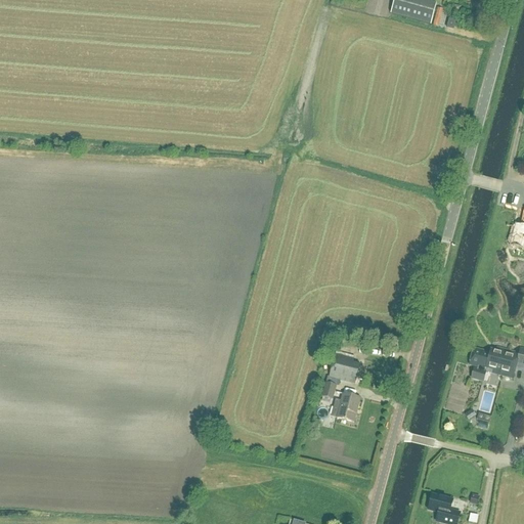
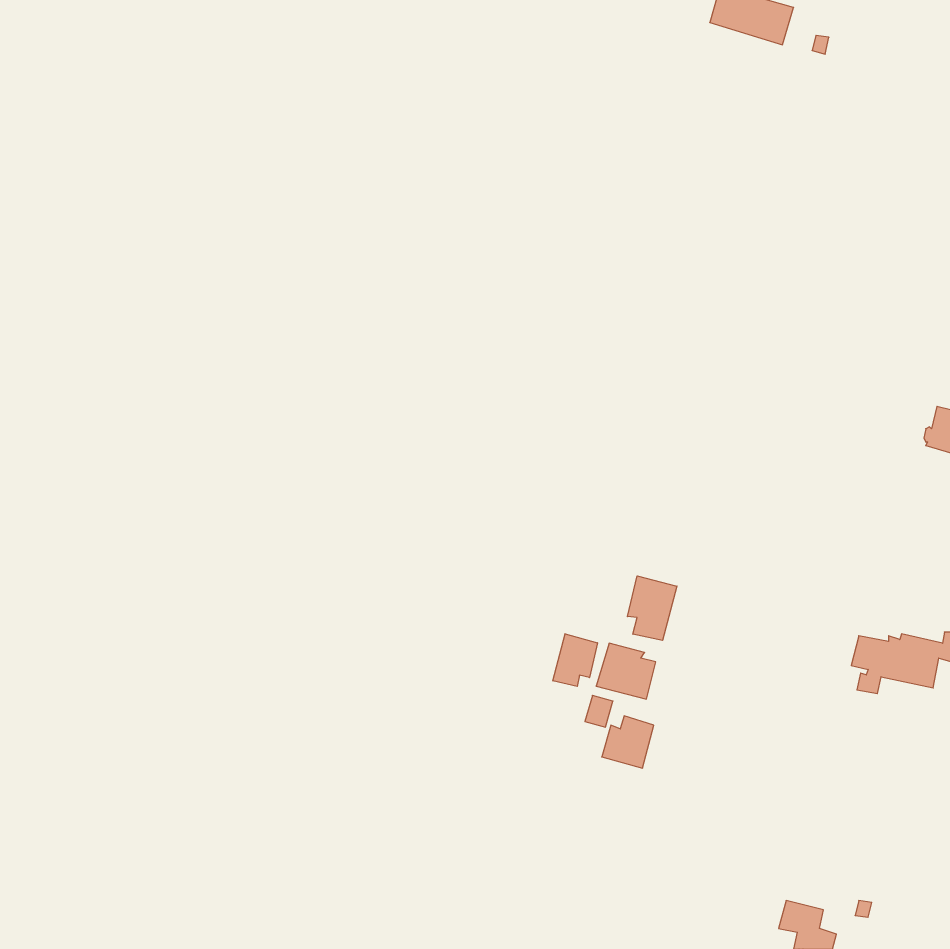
building: none -> [627,576,677,640]
building: none -> [553,634,597,686]

